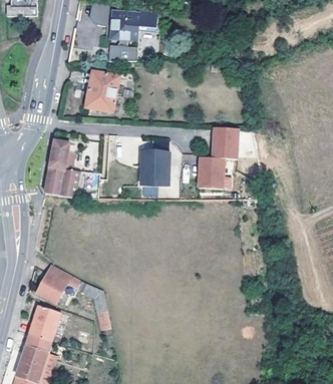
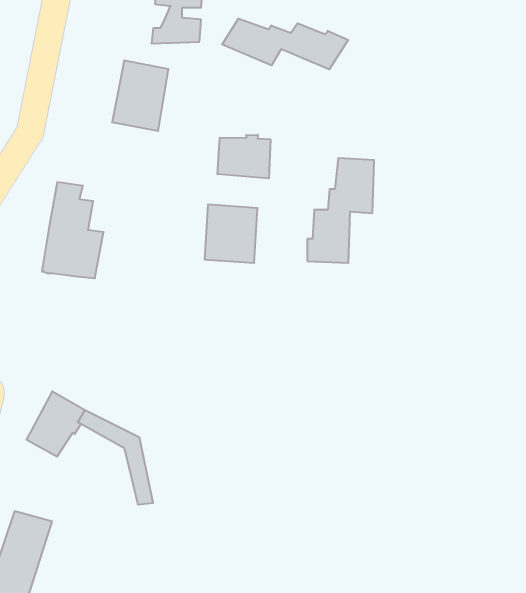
building: none -> [222,19,348,69]
building: none -> [218,135,270,178]
building: [29,305,59,340] -> none

